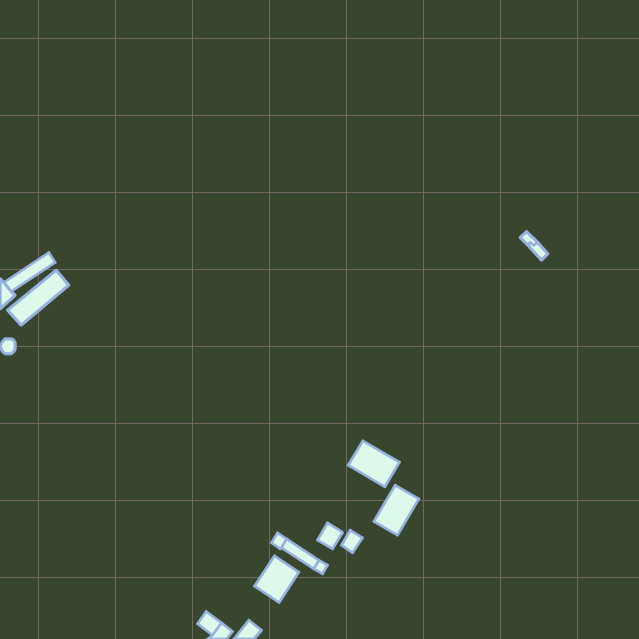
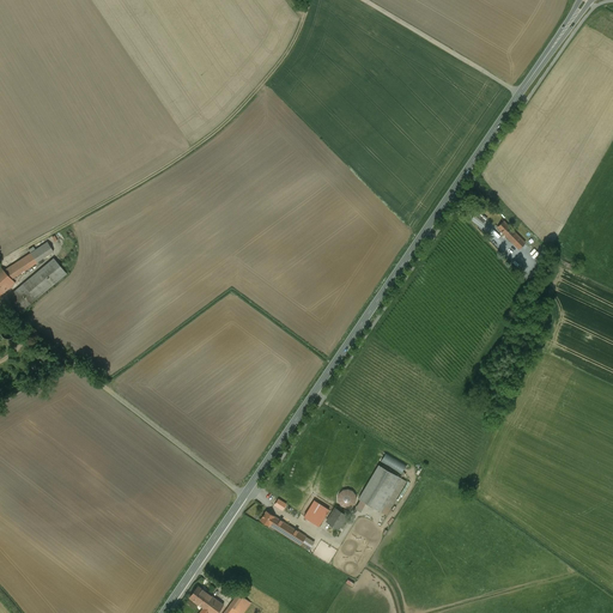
building: [348,441,399,487] -> none
building: [255,556,299,602] -> none

